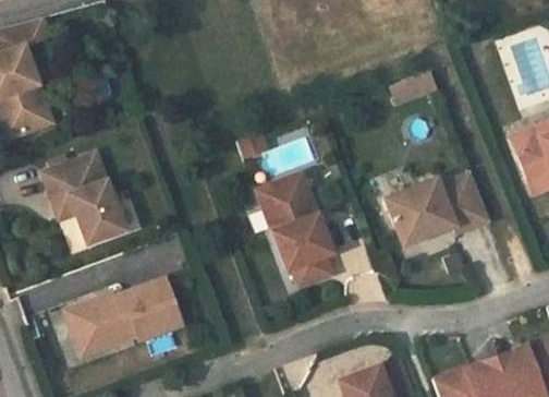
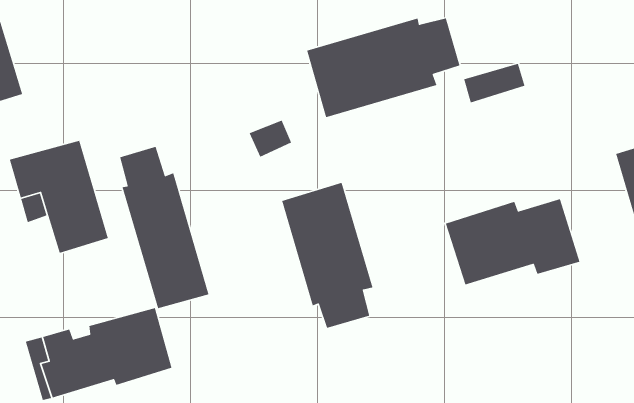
building: none -> [306,17,461,118]
building: none -> [119,146,210,309]

